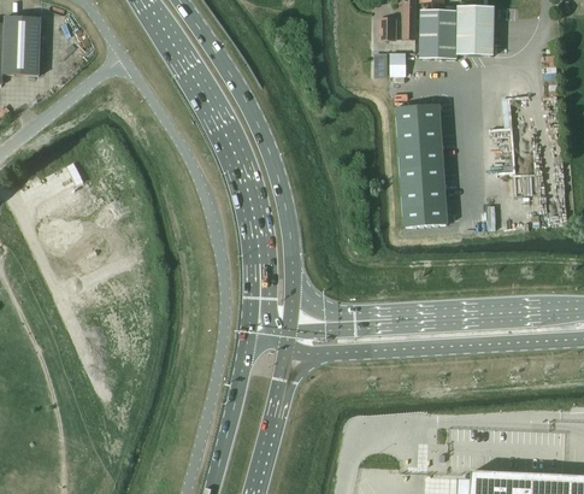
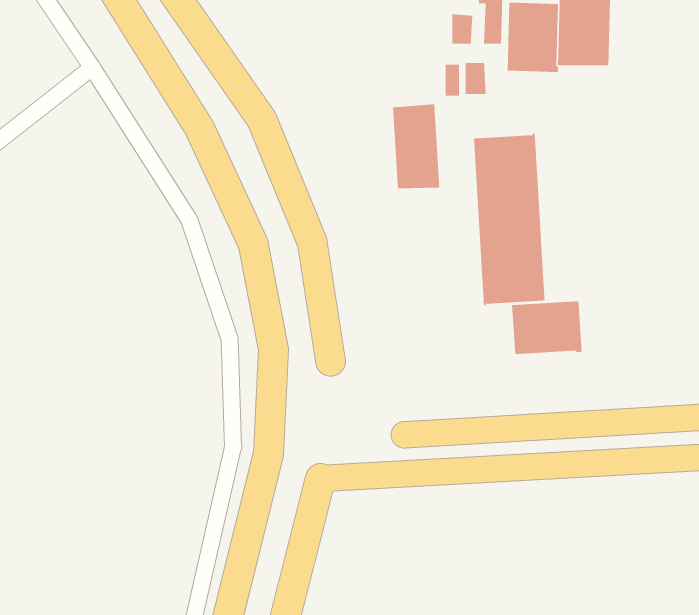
building: none -> [392,104,440,189]
building: none -> [512,300,582,355]

